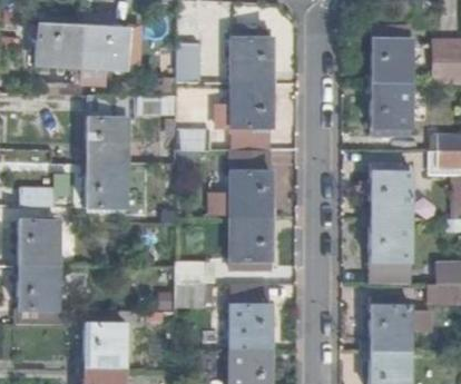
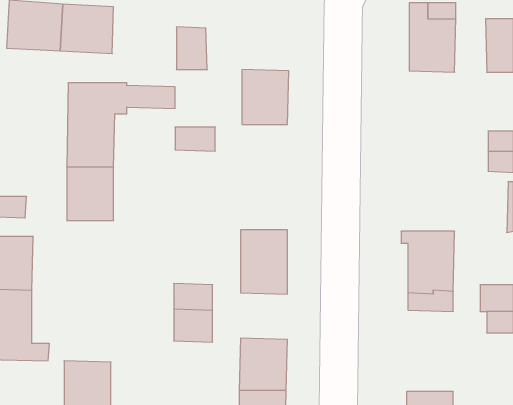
building: [233,31,272,83] -> none
building: [372,83,410,139] -> none
building: [232,150,271,216] -> none
building: [365,166,410,217] -> none
building: [370,299,430,351] -> none

